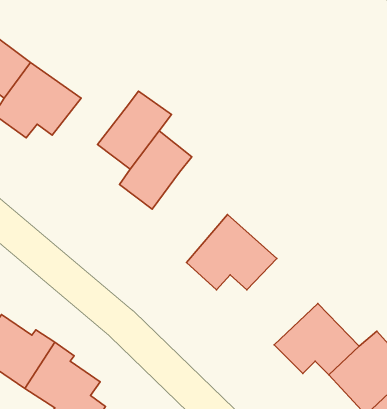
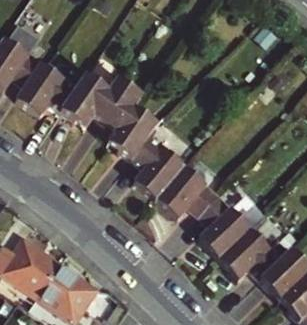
building: none -> [59,76,113,132]
building: none -> [132,141,187,207]
building: none -> [201,204,253,267]

